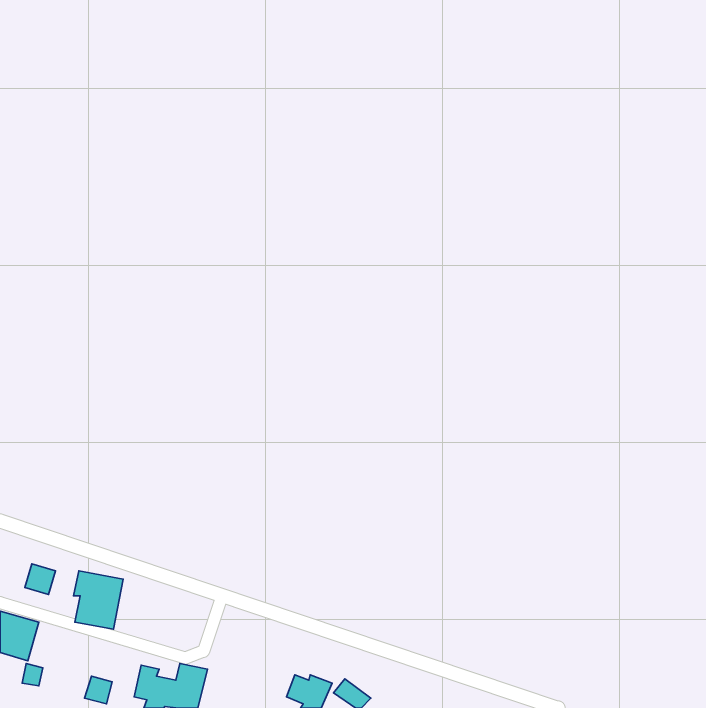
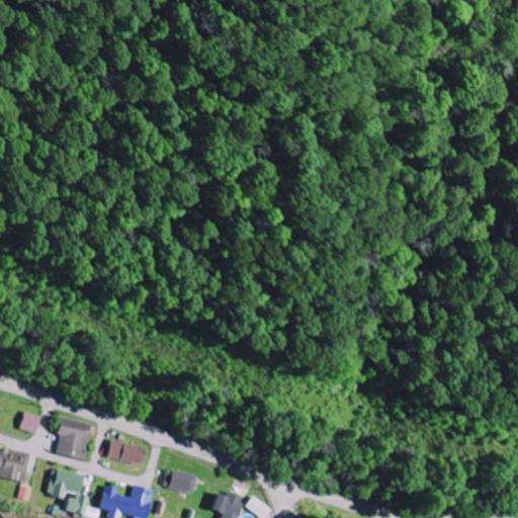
building: none -> [106,440,147,464]
building: none -> [47,468,83,499]
building: none -> [162,468,196,493]

